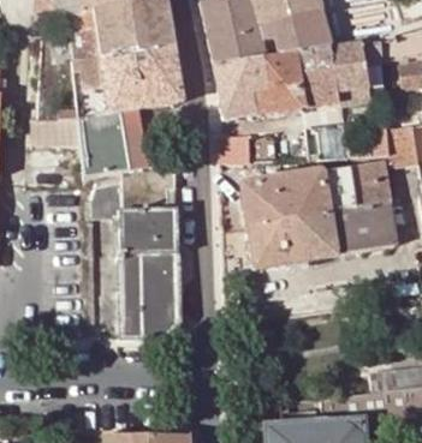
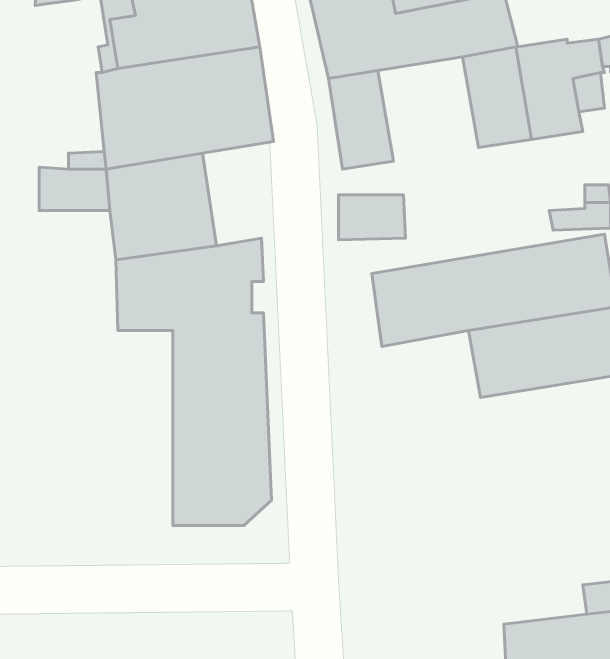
building: [245,52,307,115] -> none
building: [248,218,308,268] -> none

